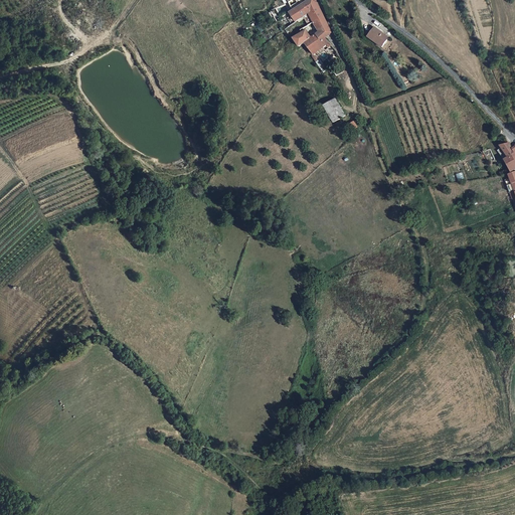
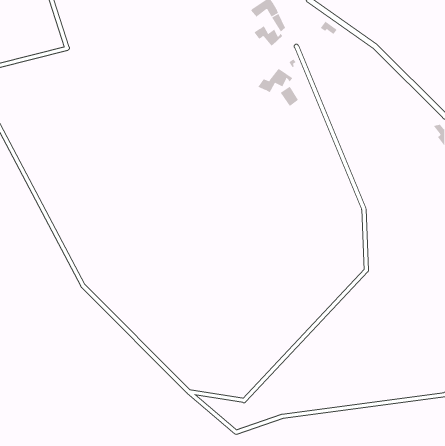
building: none -> [257,68,293,93]

